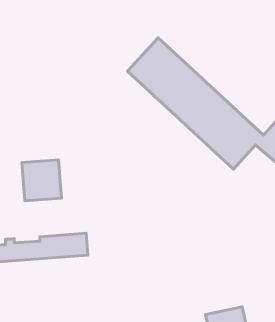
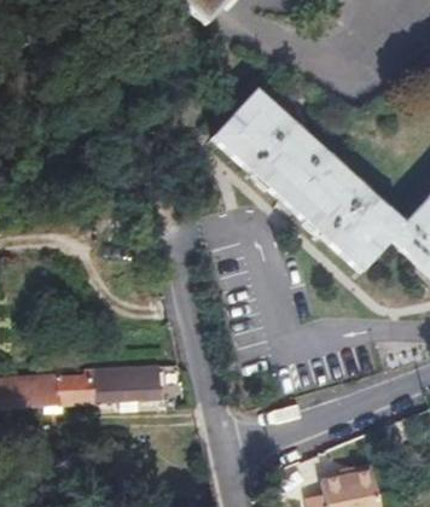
building: [22,160,61,201] -> none

